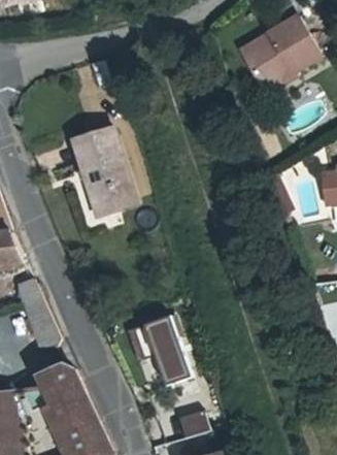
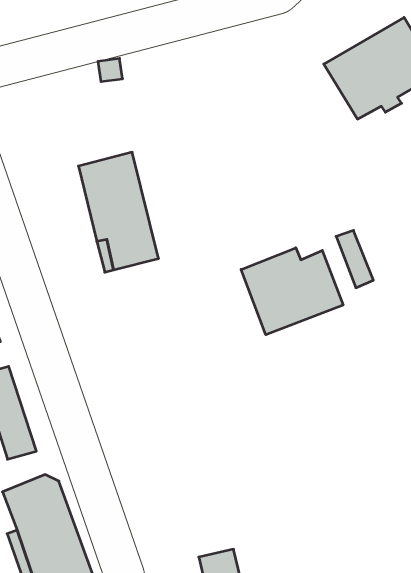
building: none -> [241,248,343,335]
building: [132,315,190,384] -> none

